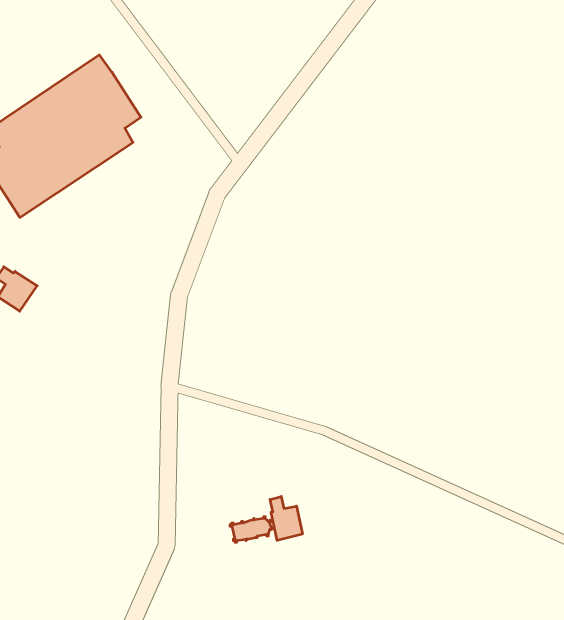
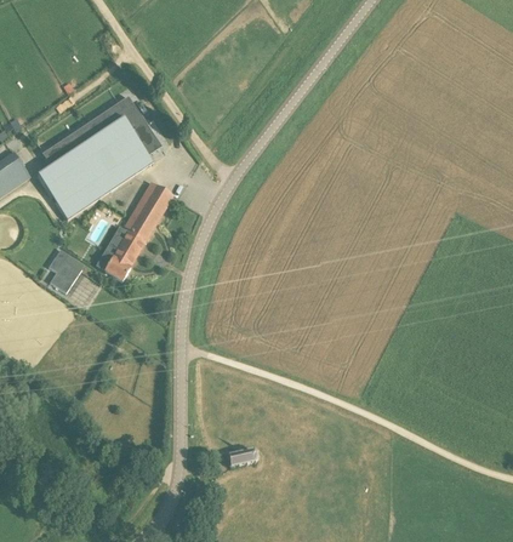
building: none -> [96,181,172,280]
building: [270,496,302,540] -> none

